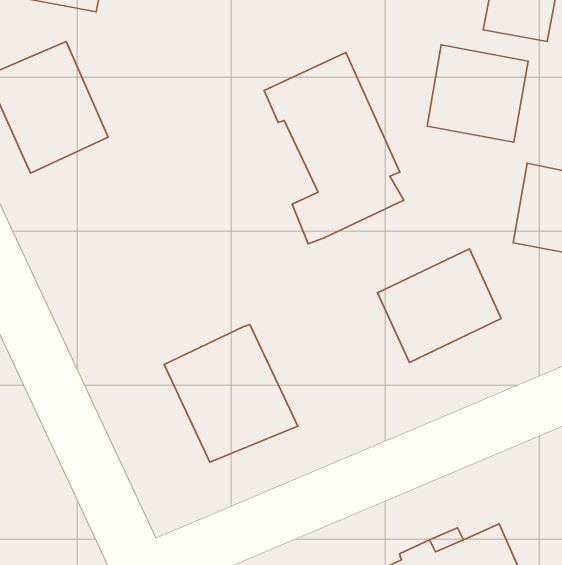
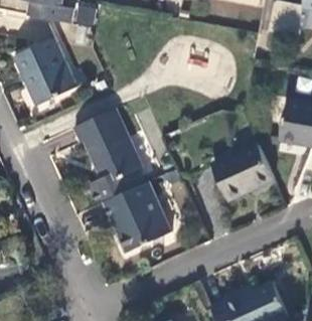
building: [427,45,528,142] -> none
building: [264,53,404,244] -> [73,108,144,204]

